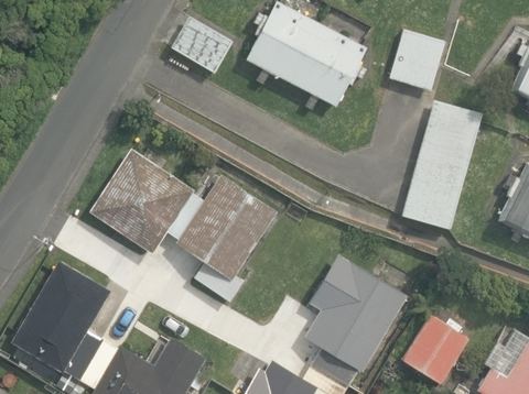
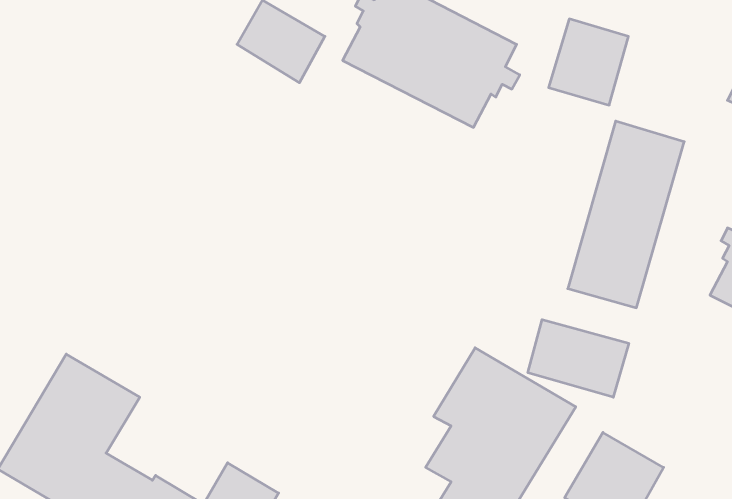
building: [88,149,274,300] -> none
building: none -> [528,320,629,397]

